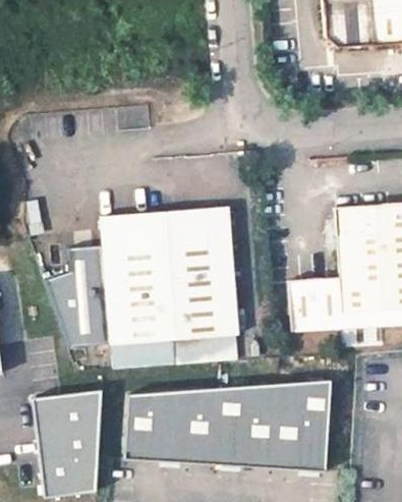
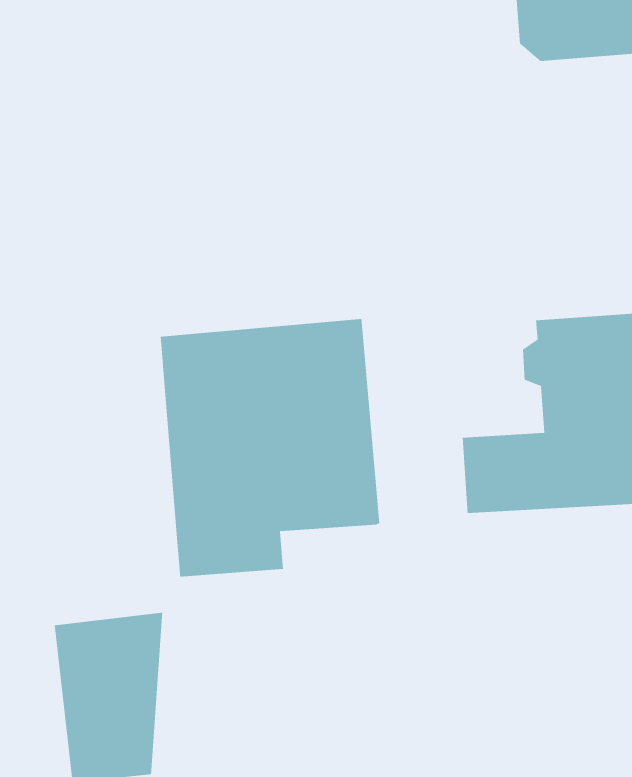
building: [46,243,112,346] -> none
building: [177,335,238,362] -> none
building: [125,383,331,470] -> none

